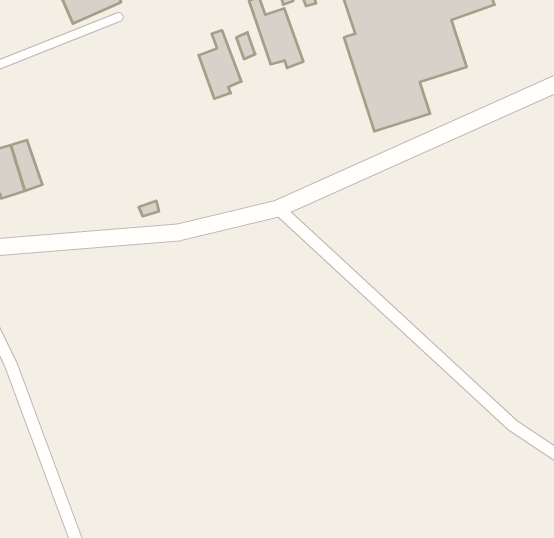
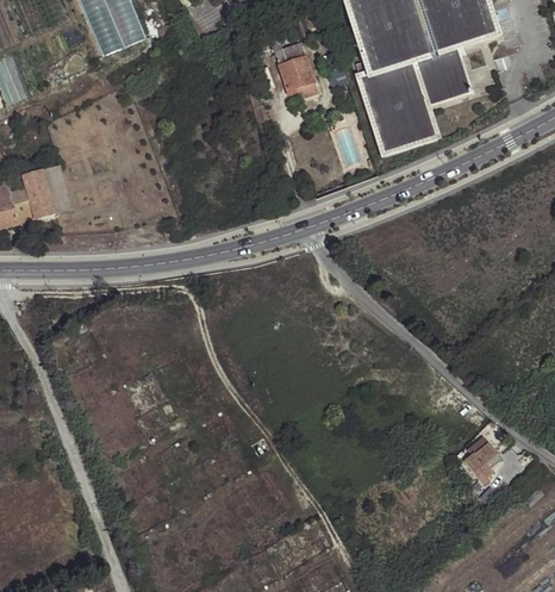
building: [199,30,241,99] -> none
building: none -> [463,441,498,484]

